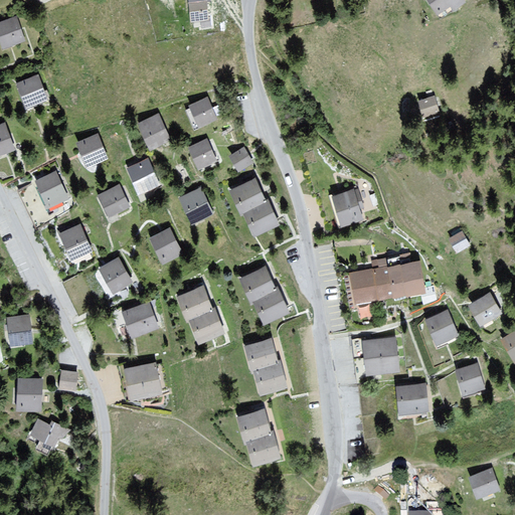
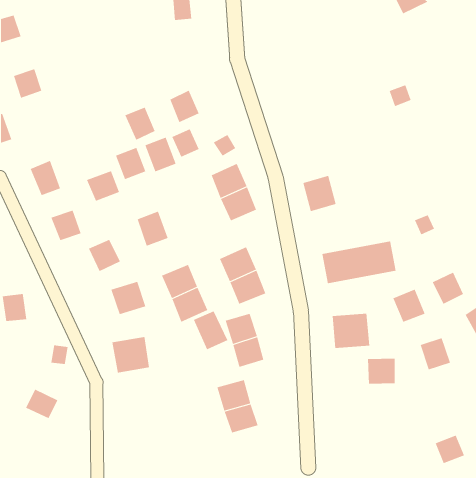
building: [75,133,109,166] -> none
building: [179,187,213,225] -> [145,137,176,172]
building: none -> [193,311,228,350]
building: [16,377,44,413] -> none

